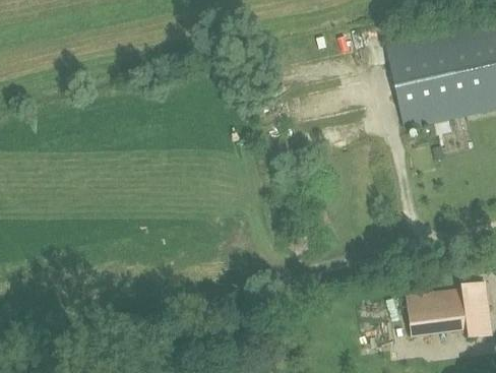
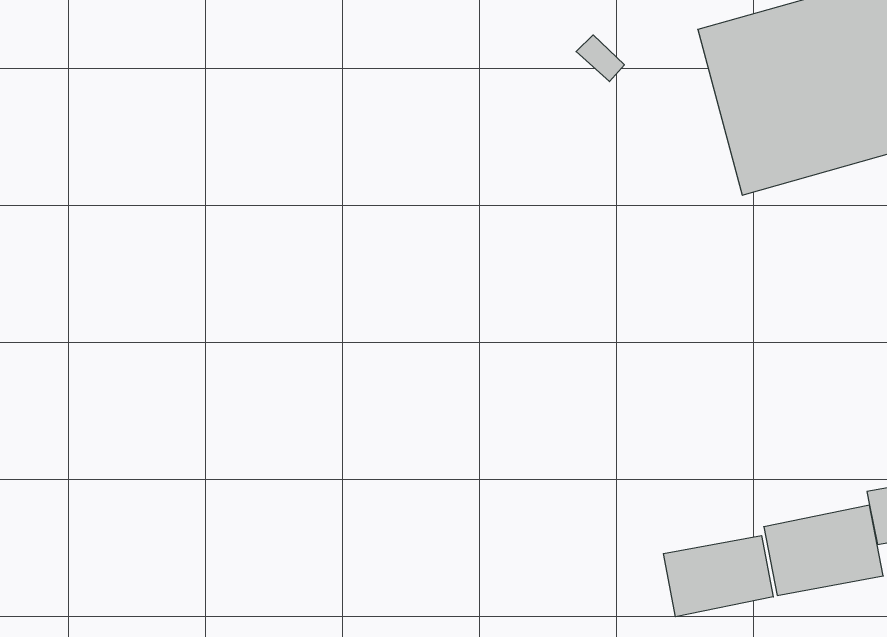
building: none -> [663,536,773,617]

